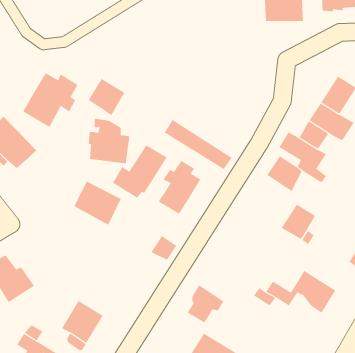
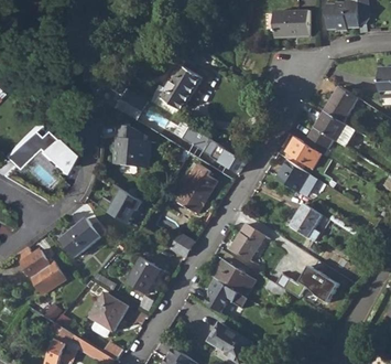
building: [22,72,78,128] -> none
building: [112,144,168,199] -> [151,66,202,116]
building: none -> [59,218,100,257]
building: none -> [230,224,264,261]
building: none -> [126,258,161,295]
building: none -> [215,260,256,297]

